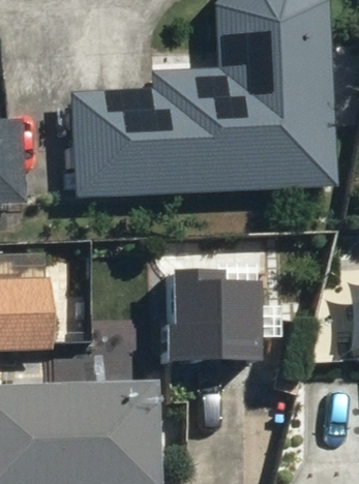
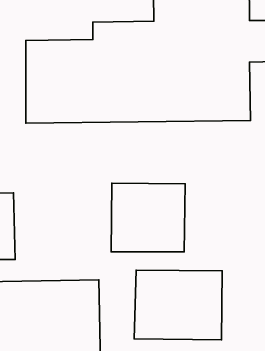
building: none -> [134,270,222,340]

